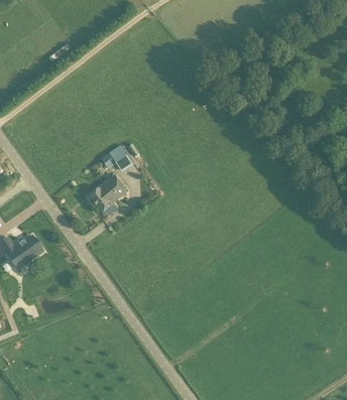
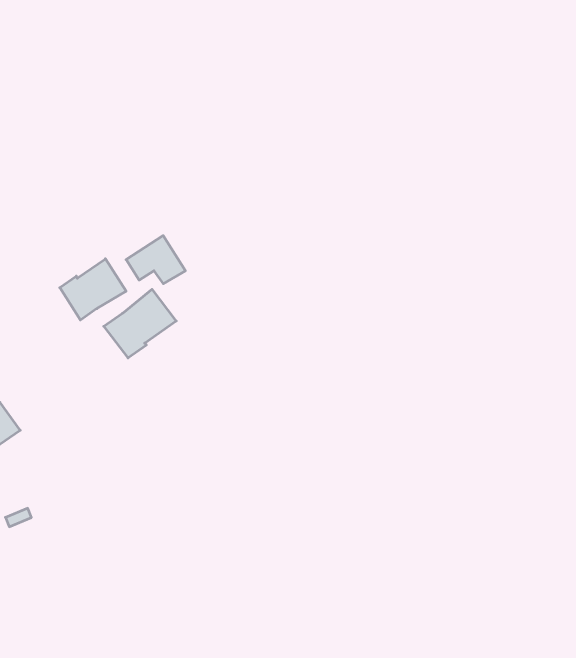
building: none -> [60,259,126,320]

